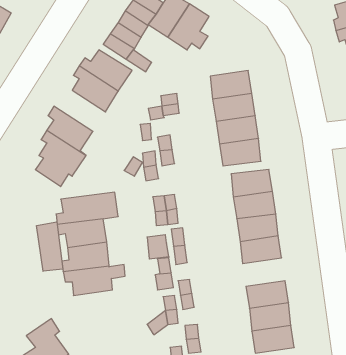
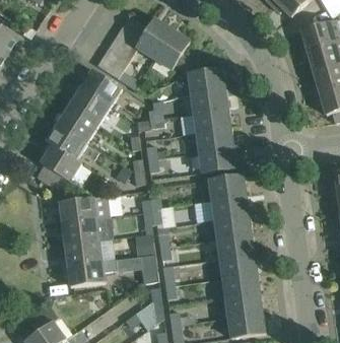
building: none -> [182,58,224,93]
building: none -> [53,106,98,142]
building: [37,222,63,271] -> none
building: none -> [219,254,257,279]

